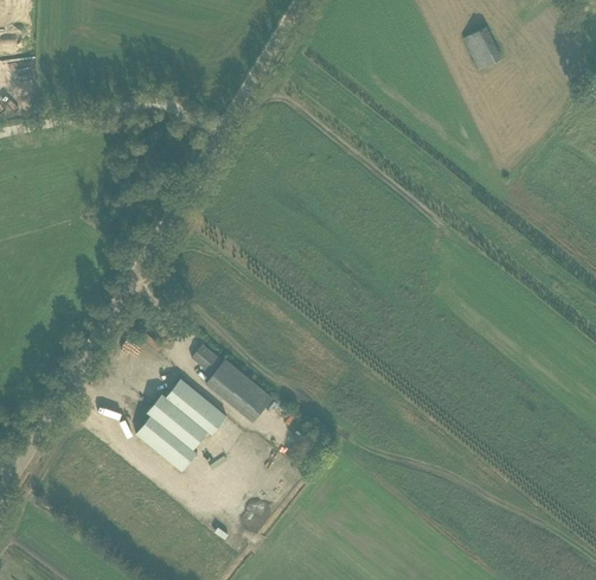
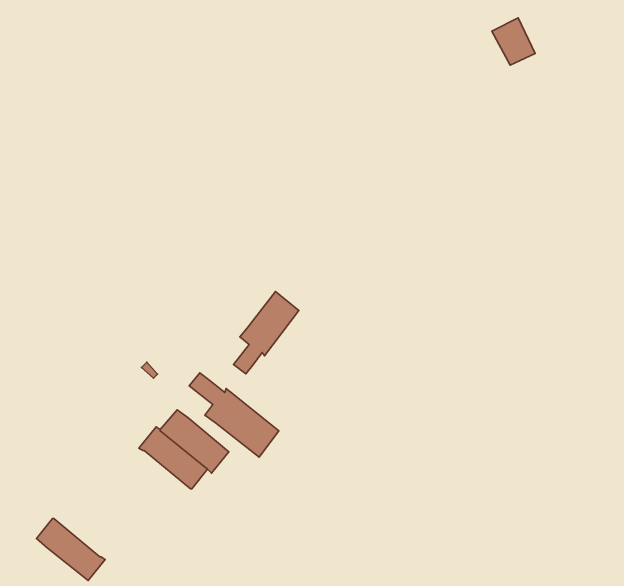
building: none -> [234,292,299,374]
building: [135,415,197,471] -> [37,519,105,581]

